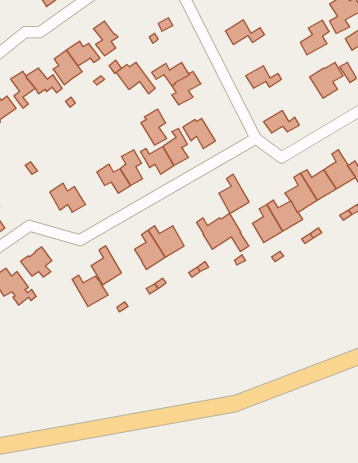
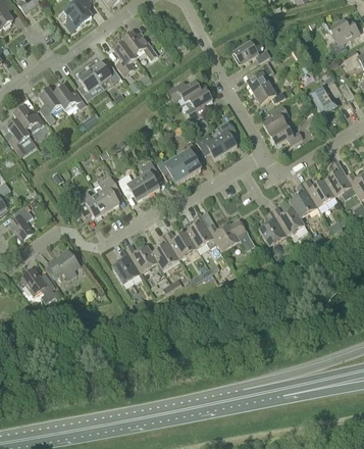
building: [300,20,329,55] -> [247,61,273,93]
building: [116,62,155,94] -> [122,31,158,59]
building: none -> [263,104,289,135]
building: [141,109,167,145] -> [213,119,237,152]
building: none -> [97,177,120,210]
building: [219,174,249,213] -> [187,212,214,248]
building: [72,275,108,306] -> [125,244,158,272]

